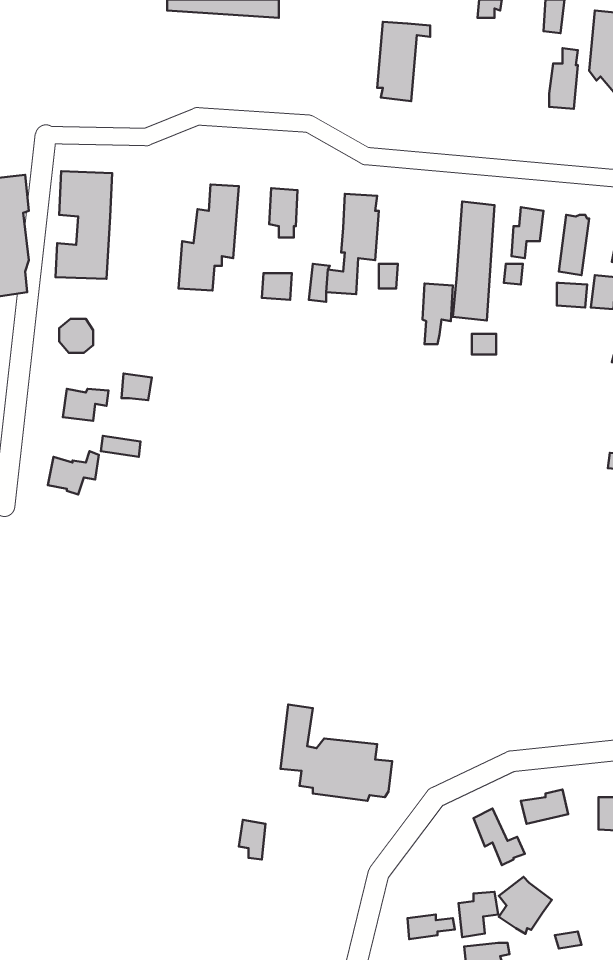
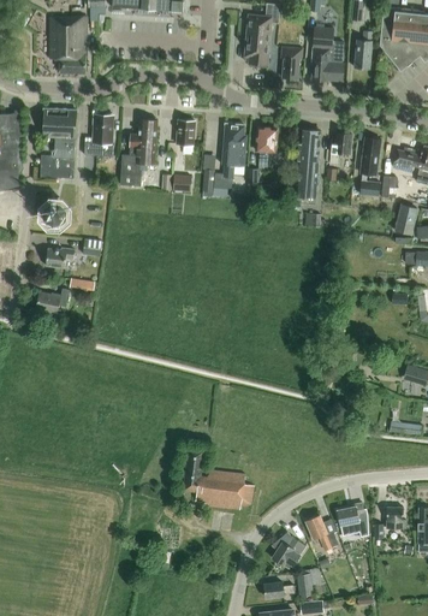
building: none -> [50,18,87,73]
building: none -> [311,26,344,82]
building: none -> [281,47,302,79]
building: none -> [84,113,114,156]
building: [422,284,453,344] -> [256,128,275,166]
building: [499,877,552,934] -> [273,532,307,568]

